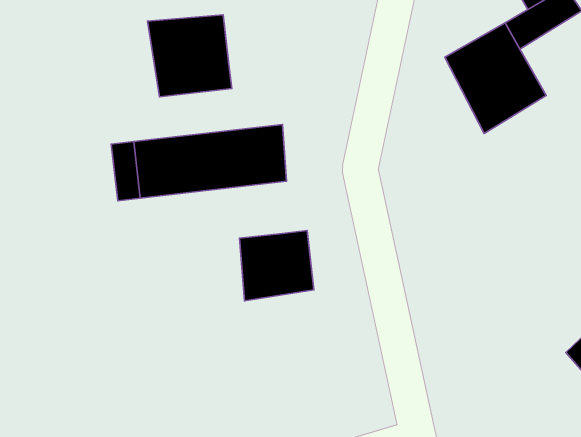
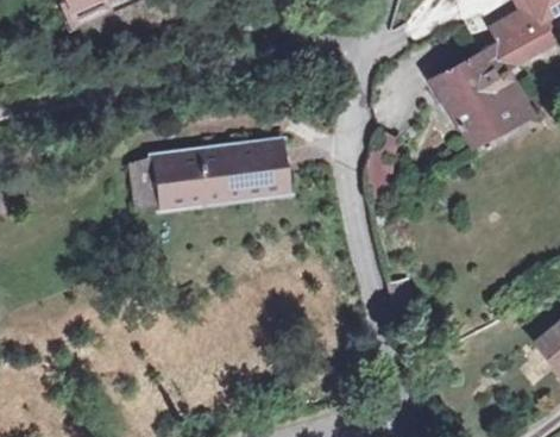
building: [148,15,232,97] -> none
building: [239,230,314,301] -> none

